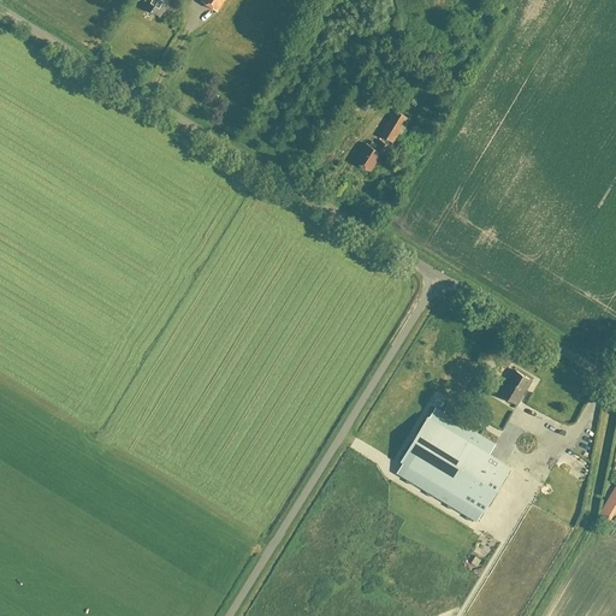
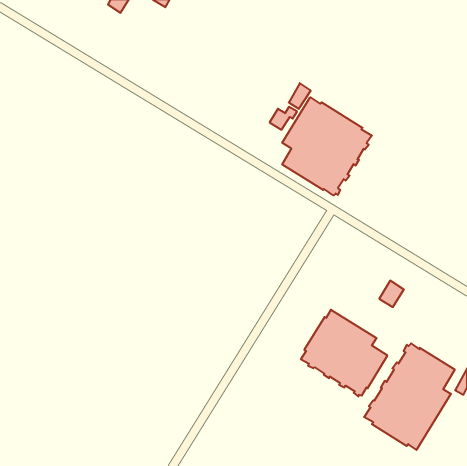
building: none -> [282,97,372,195]
building: none -> [364,343,455,450]

